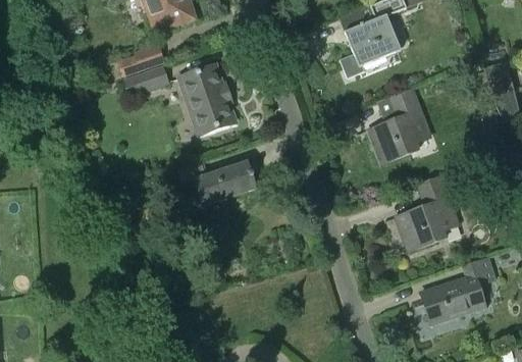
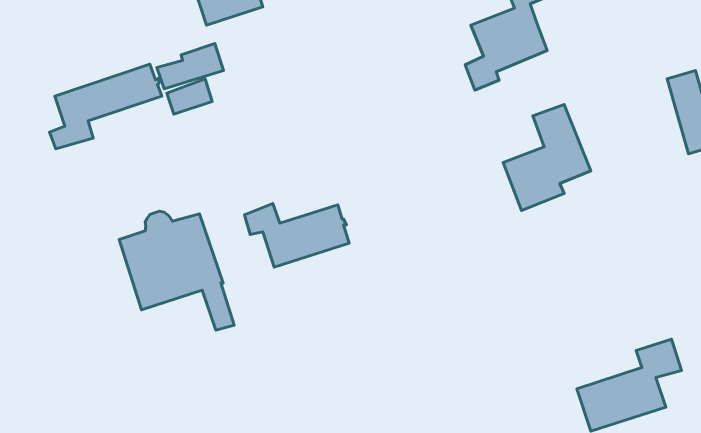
building: none -> [49,64,162,149]
building: [180,64,236,134] -> none
building: none -> [119,211,234,330]
building: [397,175,459,251] -> none

